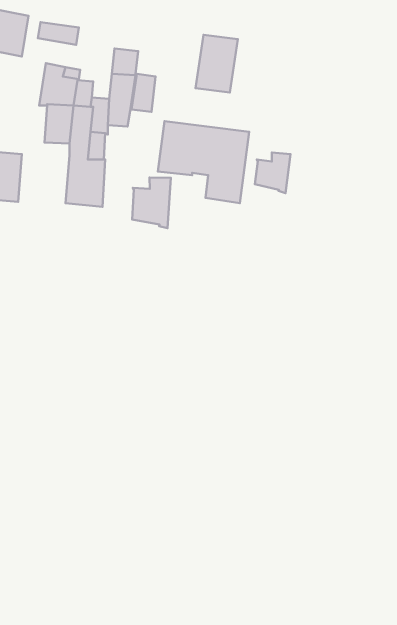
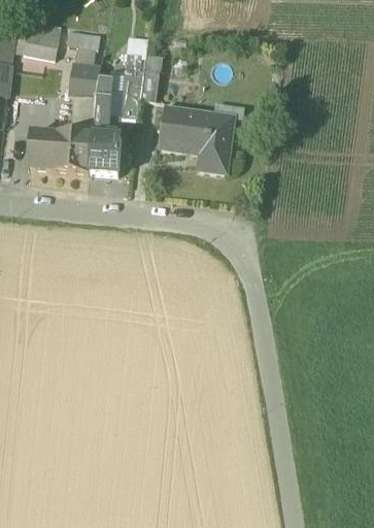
building: [195,35,238,92] -> none
building: [255,153,291,193] -> none
building: none -> [52,134,92,174]
building: [132,177,171,228] -> none

